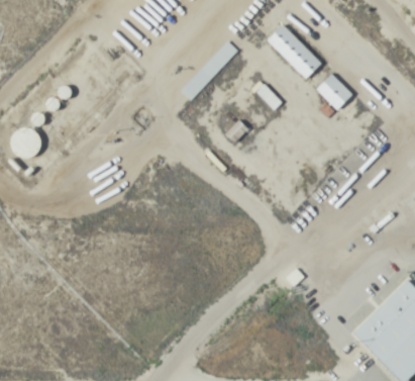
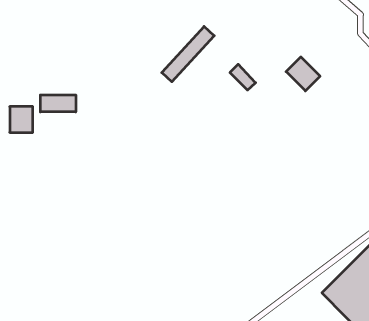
building: [266,23,321,80] -> none
building: none -> [40,95,76,112]

